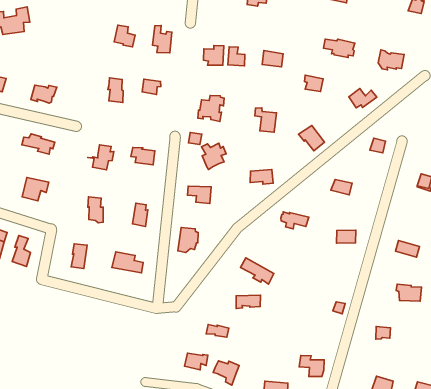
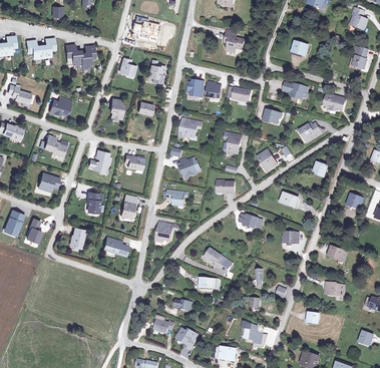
building: none -> [64,44,94,69]

